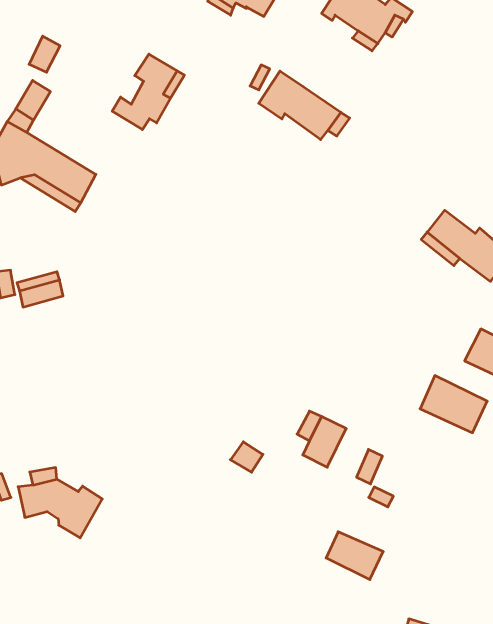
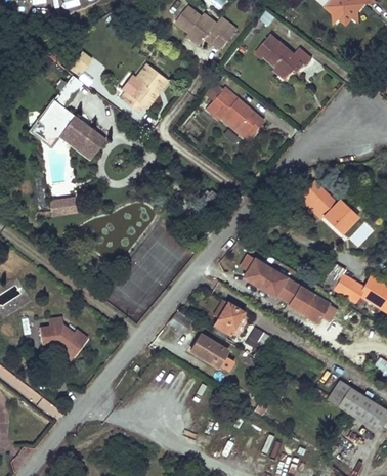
building: none -> [245,258,288,297]
building: [326,532,383,580] -> [191,335,227,366]

